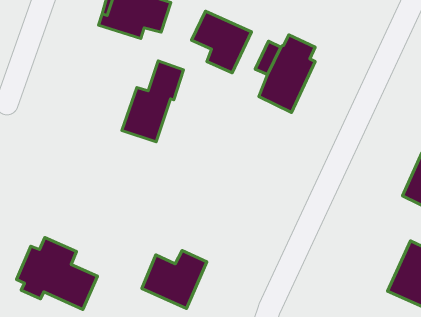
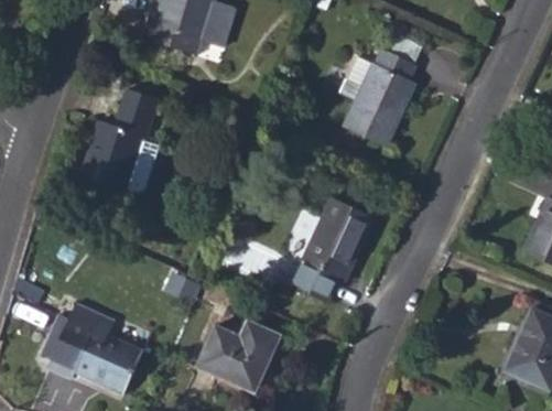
building: [192,11,251,73] -> none
building: [122,61,184,142] -> [83,88,160,190]
building: none -> [274,197,376,301]

